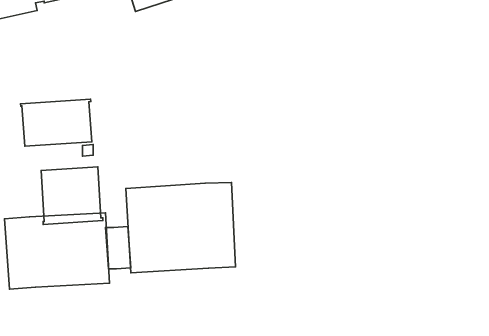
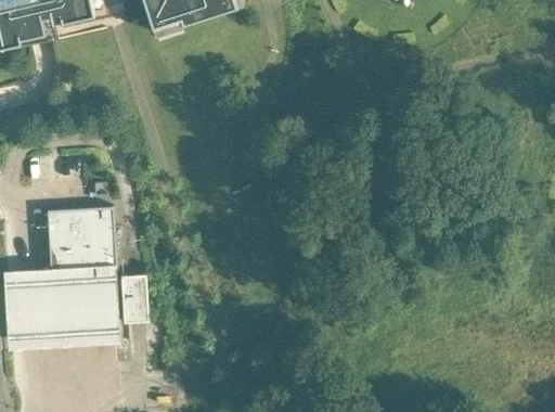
building: [20,99,92,146] -> none
building: [126,182,236,273] -> none

